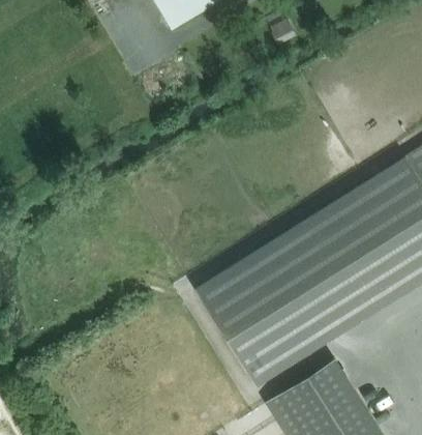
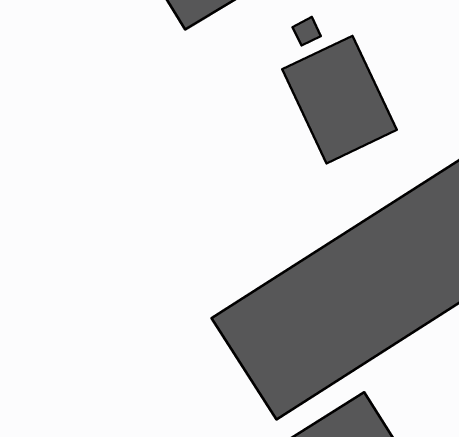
building: none -> [282,36,397,163]

